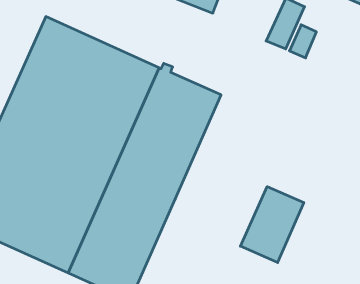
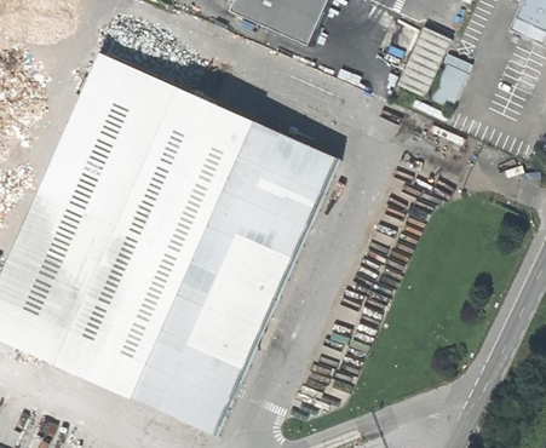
building: [240,187,304,263] -> none

